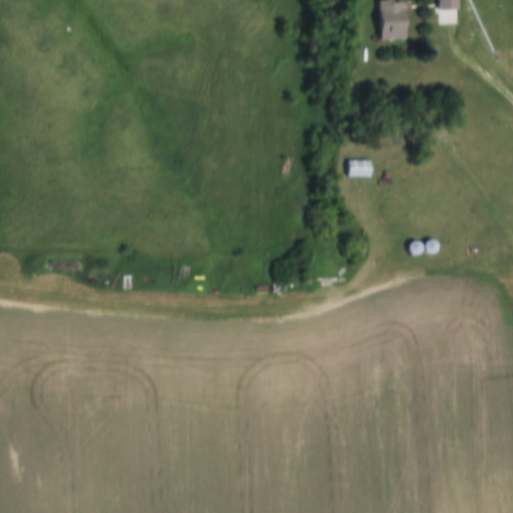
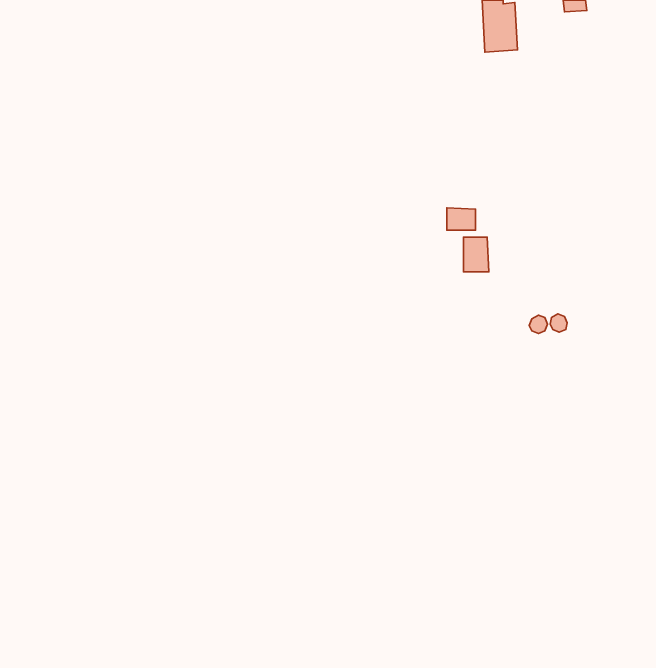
building: none -> [463,237,489,272]

